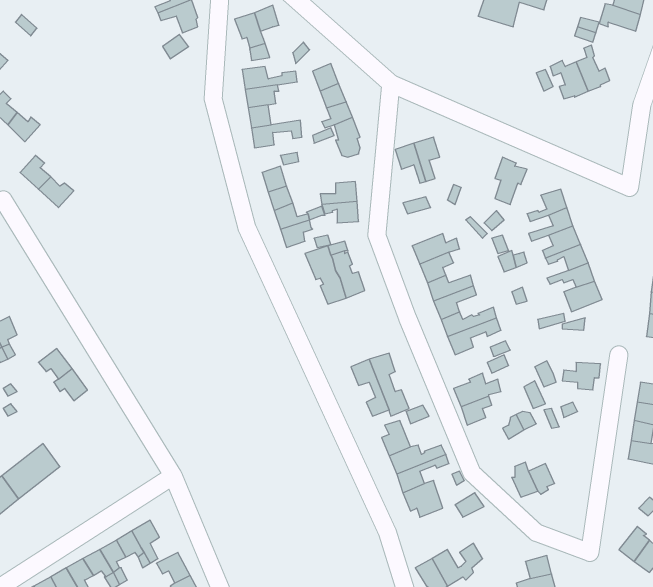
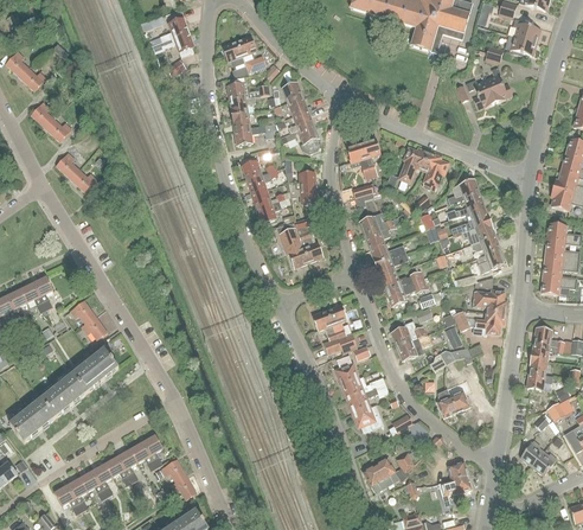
building: none -> [399,148,429,181]
building: none -> [473,290,506,313]
building: none -> [73,350,118,392]

